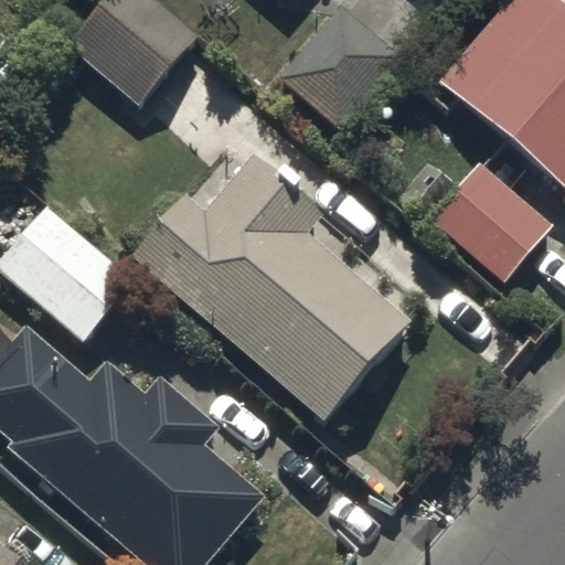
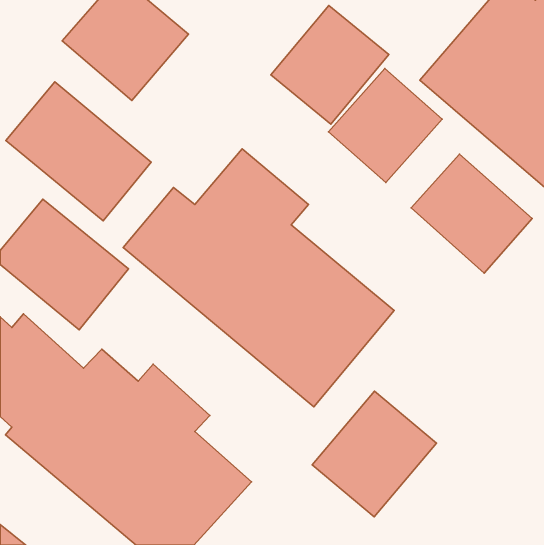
building: none -> [329,69,442,182]
building: none -> [6,82,151,221]
building: none -> [312,391,436,517]

